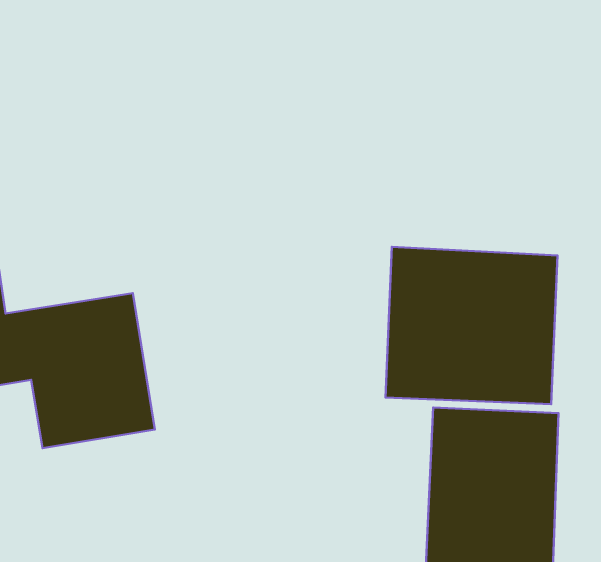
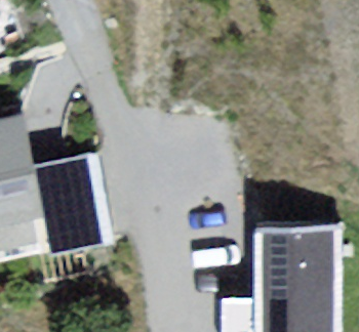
building: [385,247,558,404] -> none

